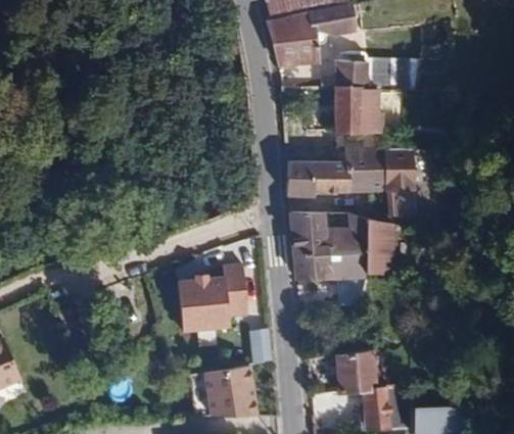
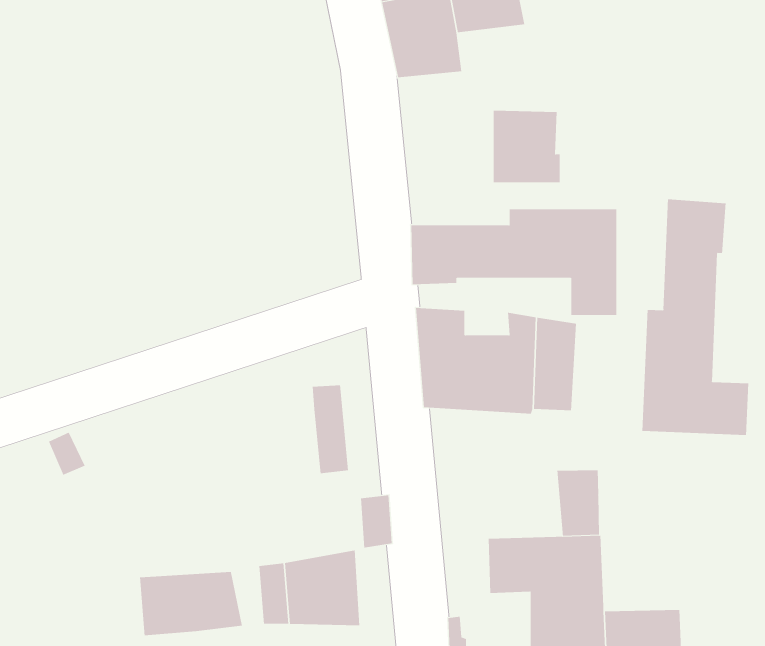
building: [338,61,389,89] -> none
building: none -> [642,198,749,436]
building: [179,274,230,331] -> none
building: none -> [557,470,600,536]
building: none -> [139,571,242,636]

